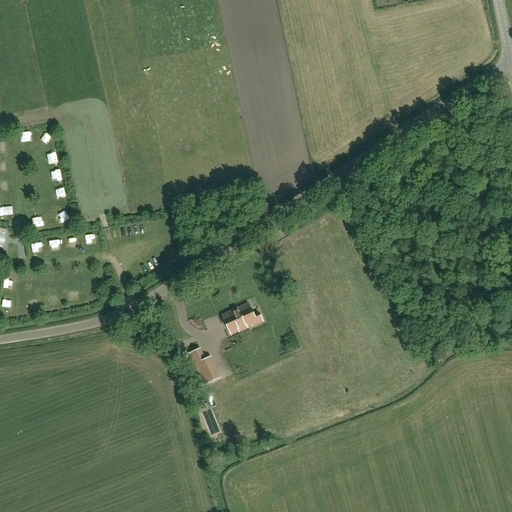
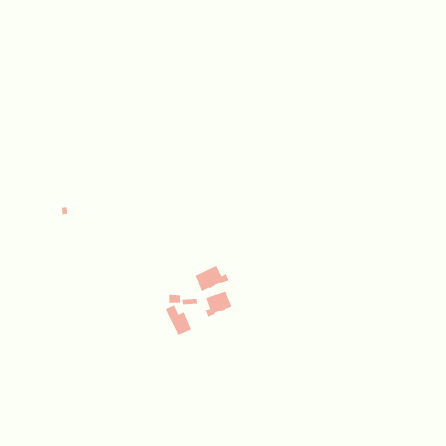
building: none -> [205,291,233,318]

